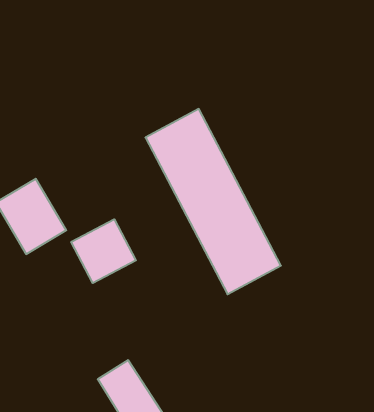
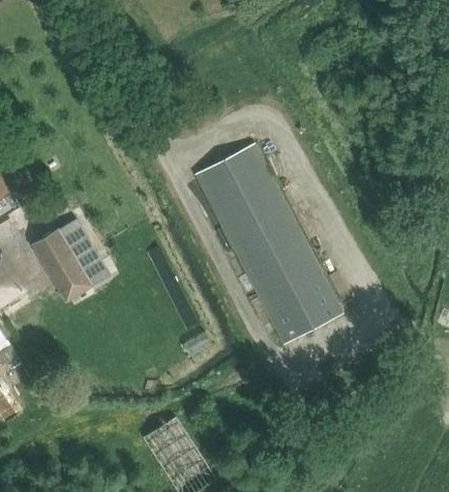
building: [71,219,136,283] -> none

